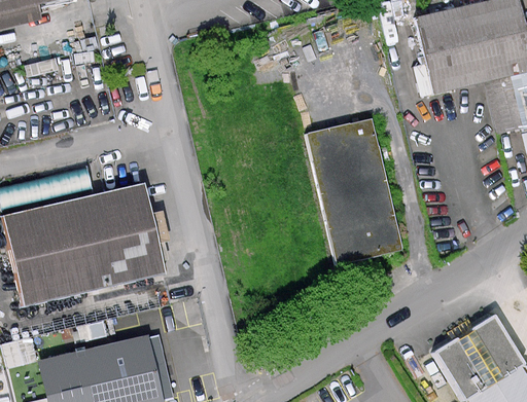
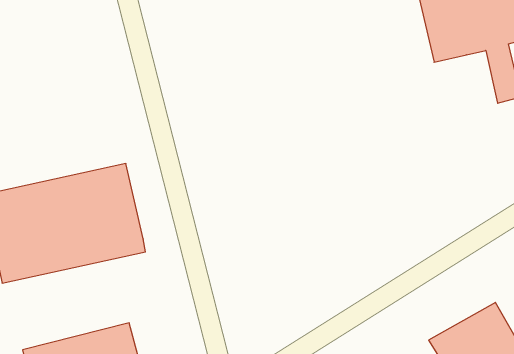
building: [308,119,402,264] -> none

